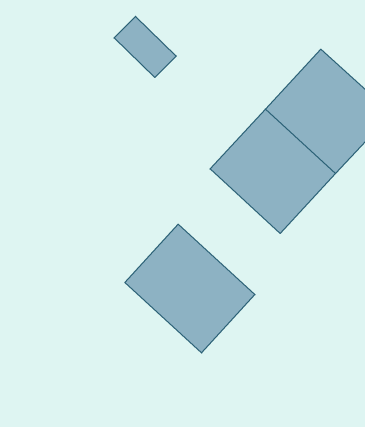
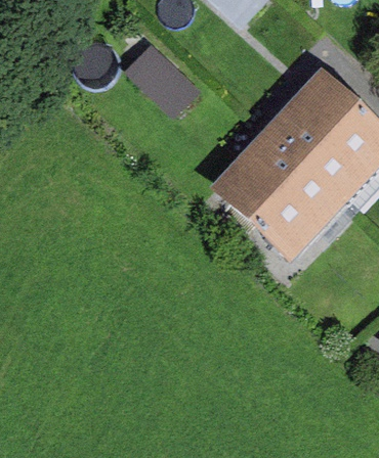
building: [125,224,255,353] -> none

